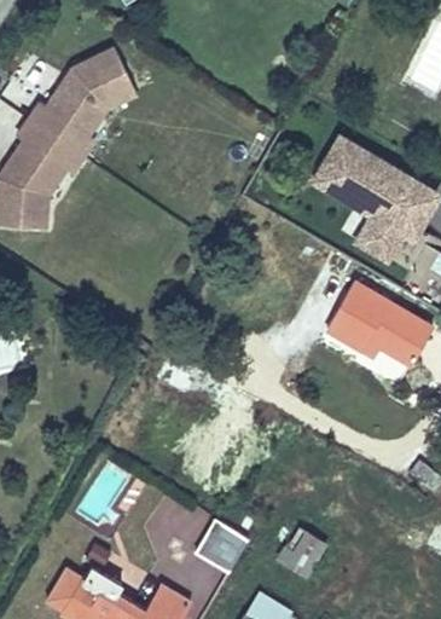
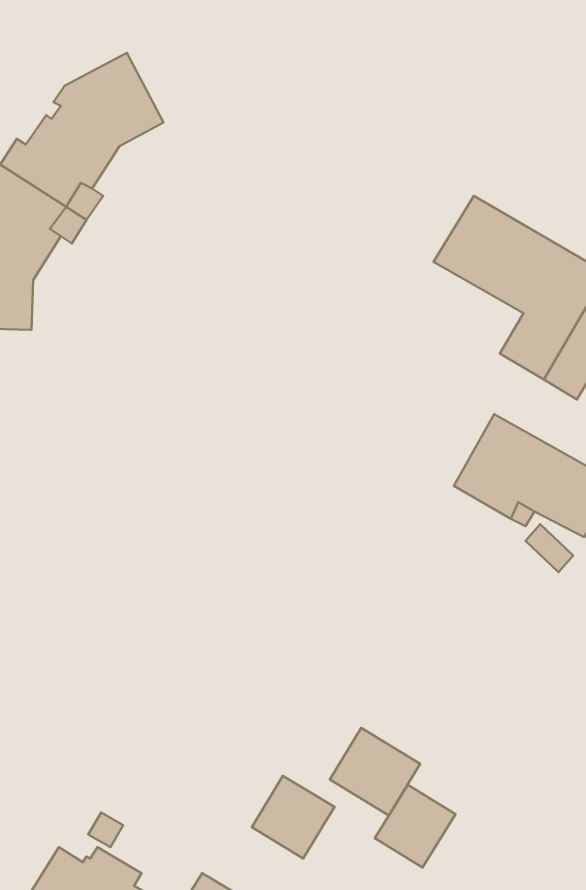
building: none -> [330,728,420,816]

